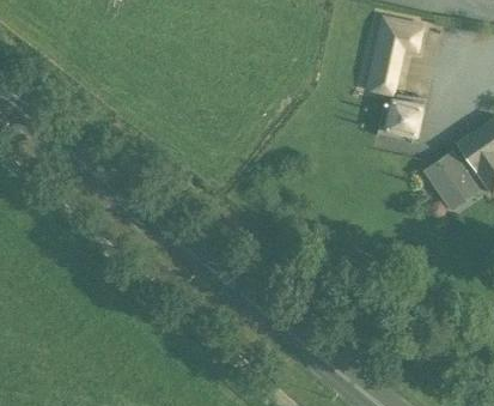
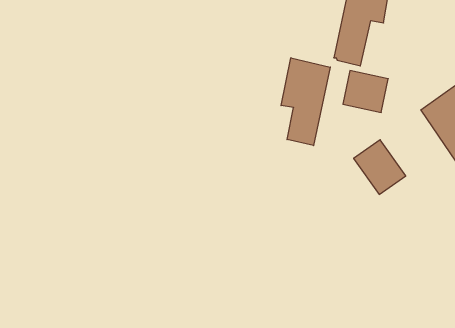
building: none -> [281,58,330,146]
building: [423,152,477,208] -> [354,140,406,194]

